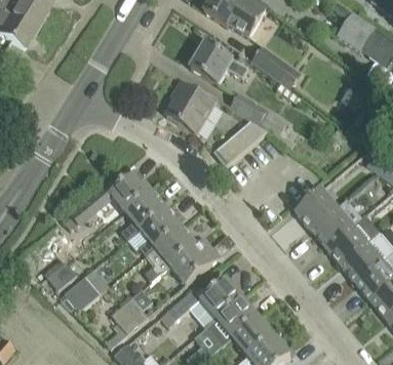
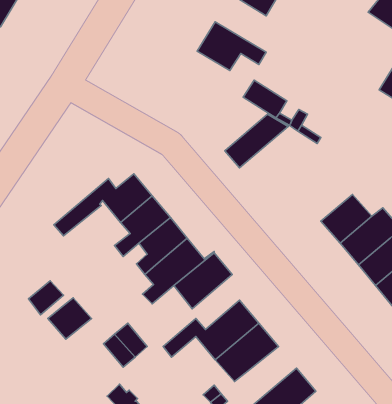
building: [250,45,301,89] -> none
building: [166,82,218,132] -> none
building: [233,316,274,356] -> none

